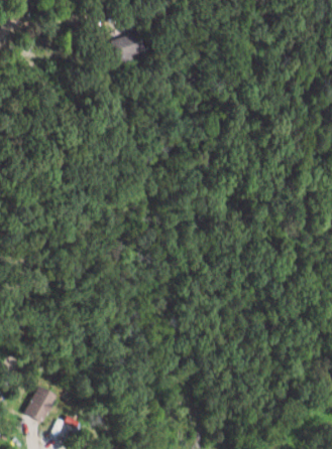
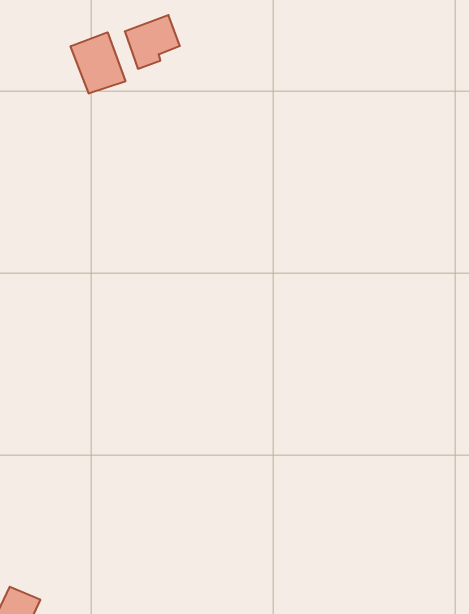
building: none -> [71,32,125,94]

